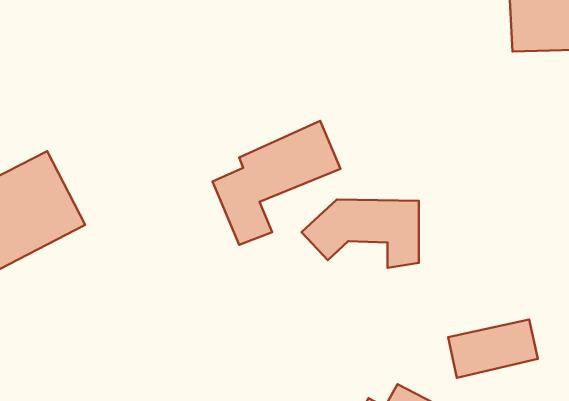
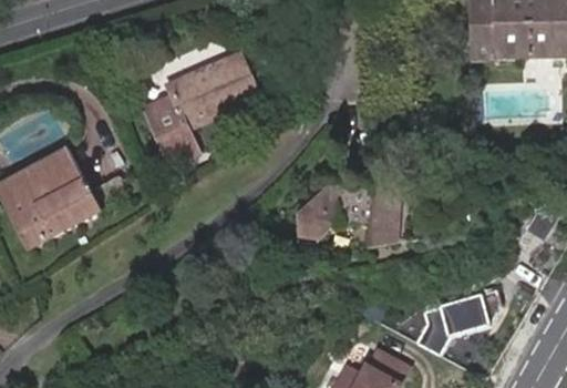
building: [213,121,340,245] -> [146,58,258,166]

